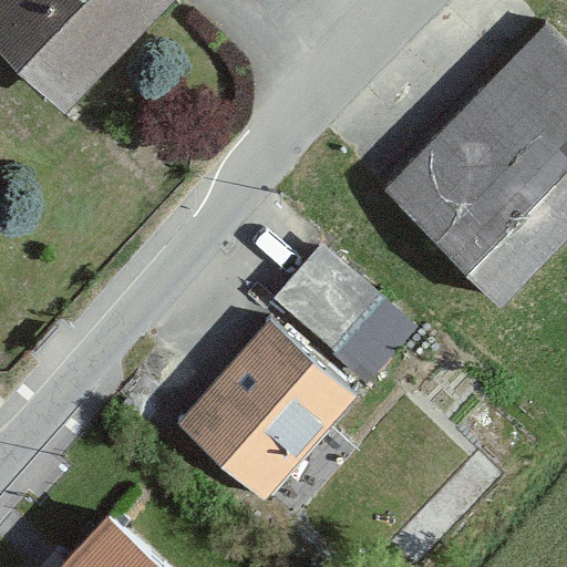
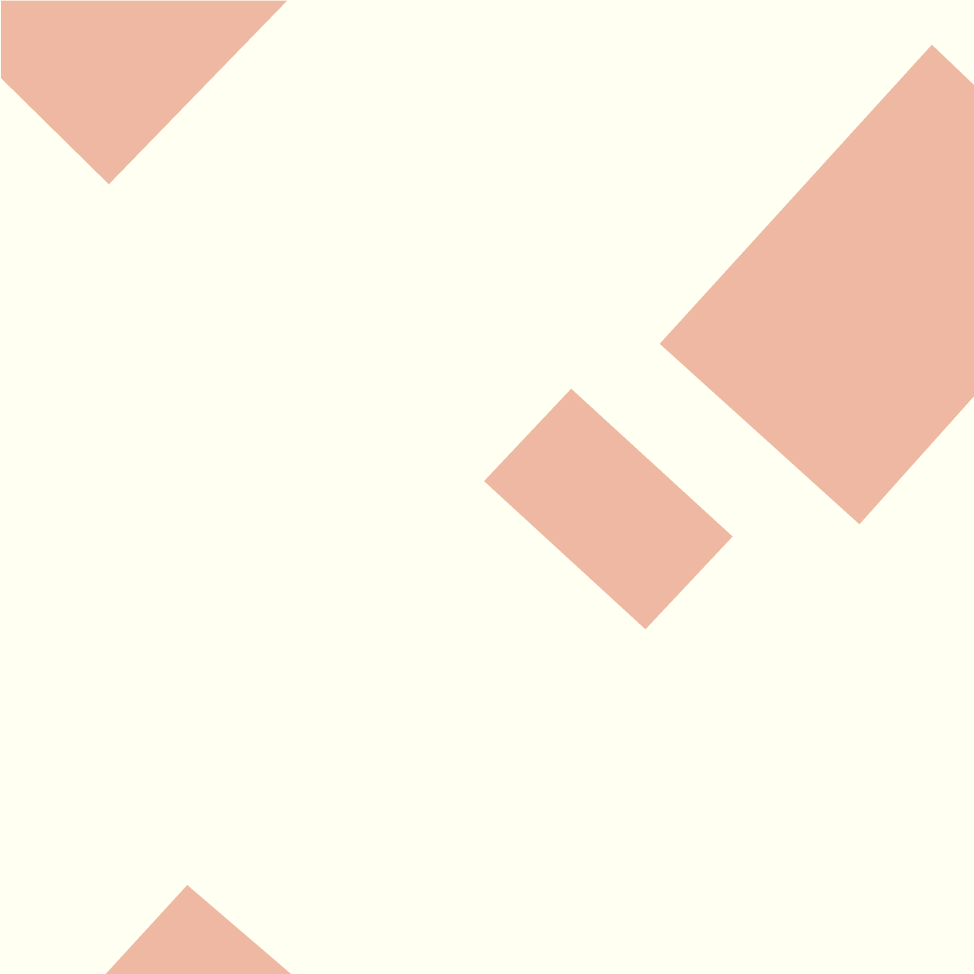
building: [175,321,352,501] -> none

